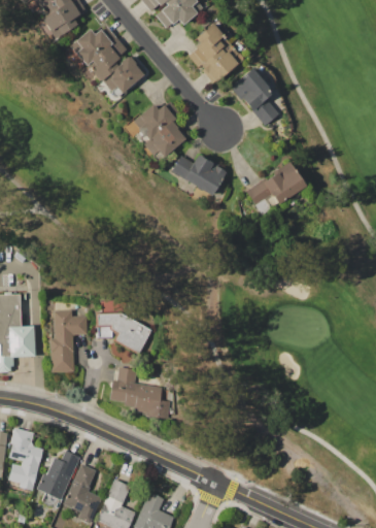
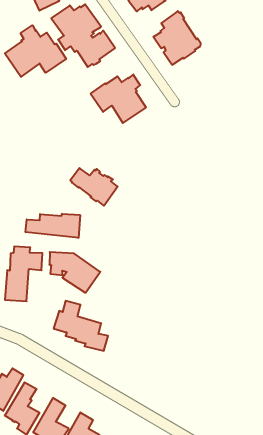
building: none -> [5,25,66,77]
building: [229,68,278,125] -> none
building: [170,154,225,195] -> [70,168,118,206]
building: [245,161,305,214] -> none
building: none -> [26,214,80,238]

